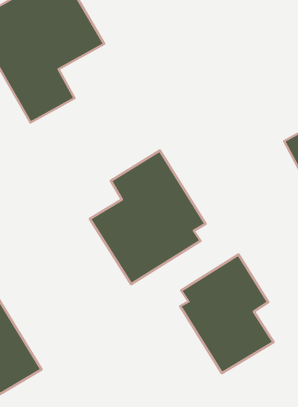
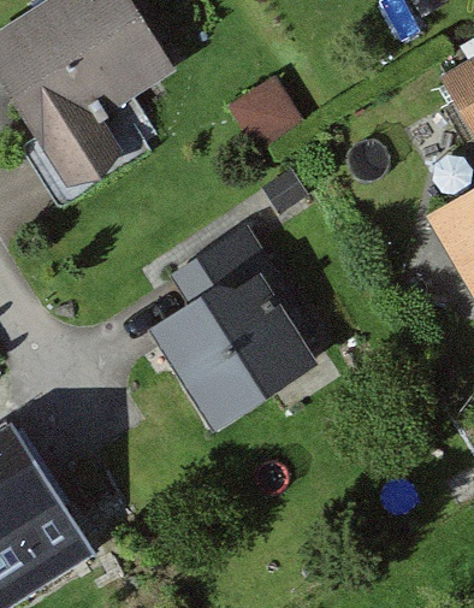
building: [180,255,274,373] -> none

